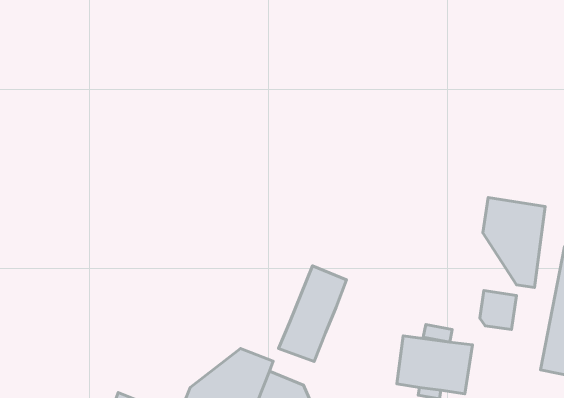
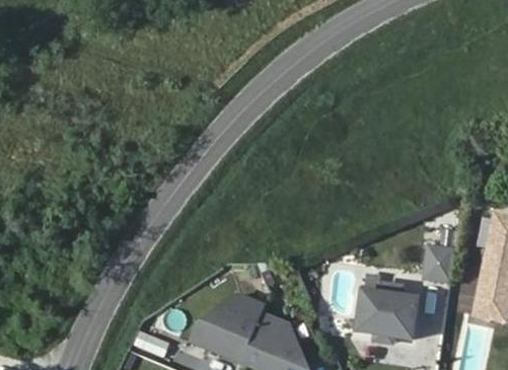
building: [483,197,545,288] -> none
building: [279,266,347,362] -> none

